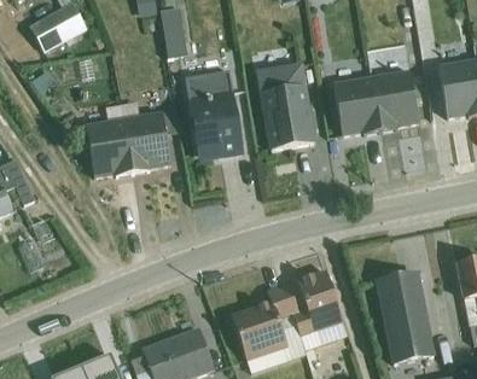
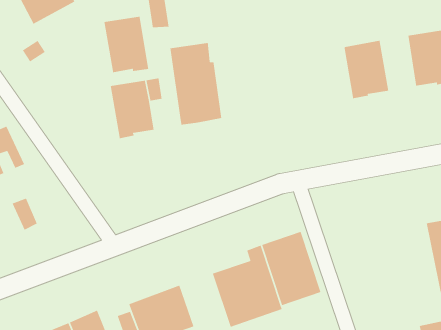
building: [256,64,314,150] -> none
building: [333,76,380,135] -> none
building: [86,117,134,177] -> [103,16,149,73]
building: [377,273,435,365] -> none

